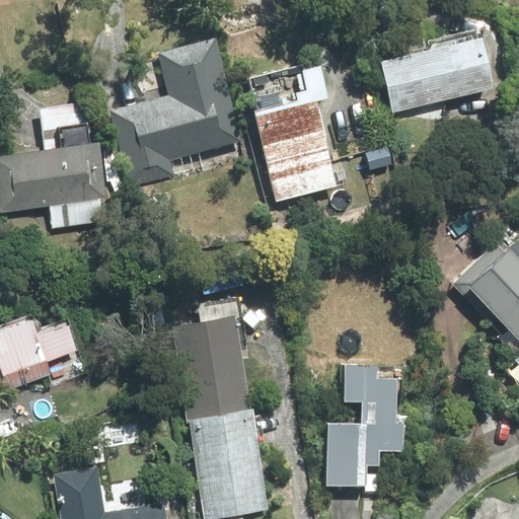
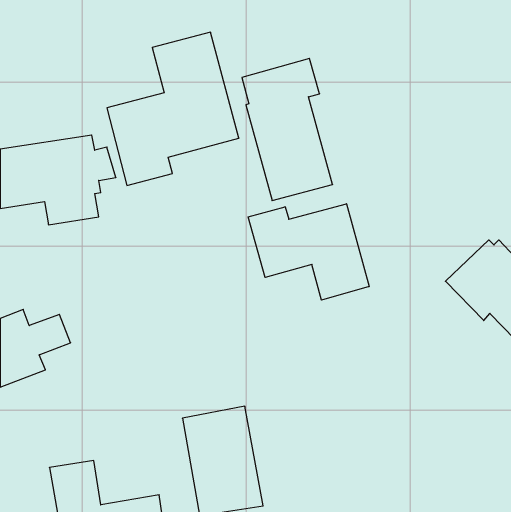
building: [381,34,494,113] -> none
building: none -> [248,204,369,300]
building: [169,312,250,424] -> none
building: [324,362,414,486] -> none

